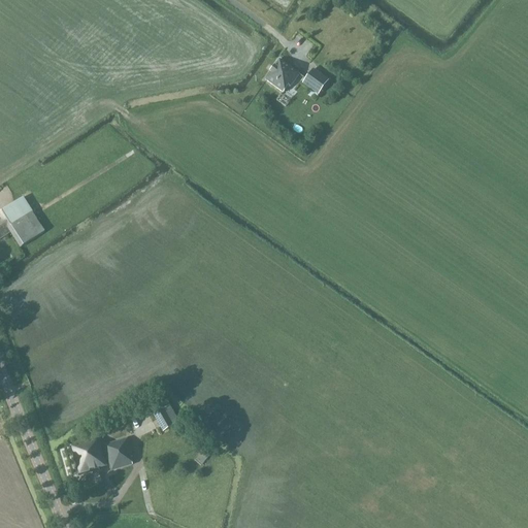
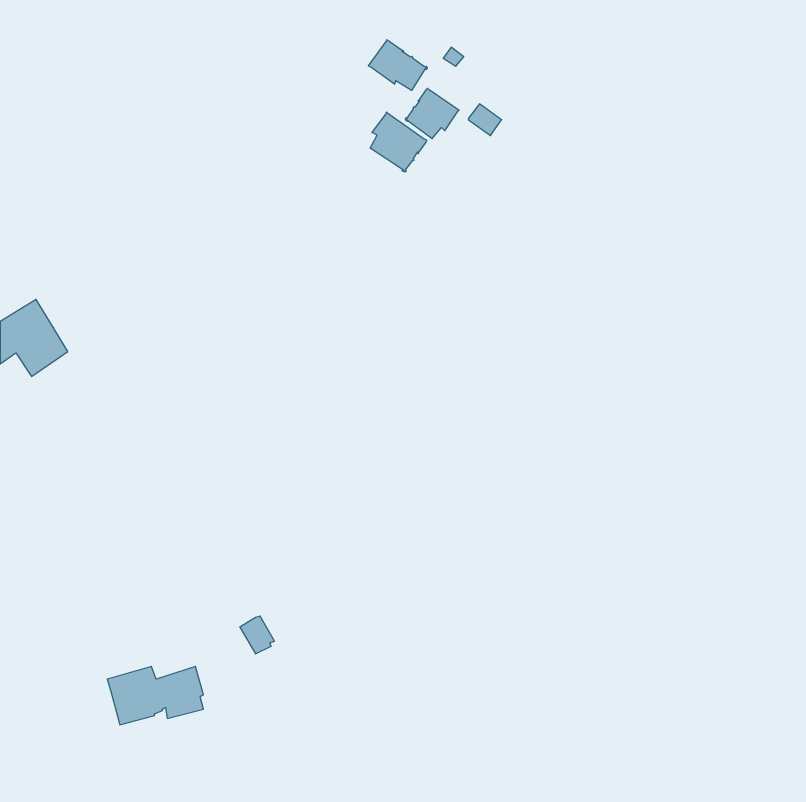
building: none -> [368,40,427,90]
building: none -> [370,112,427,172]

